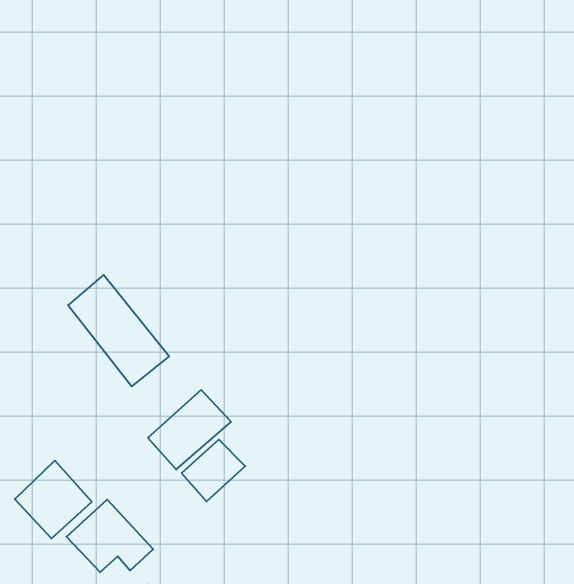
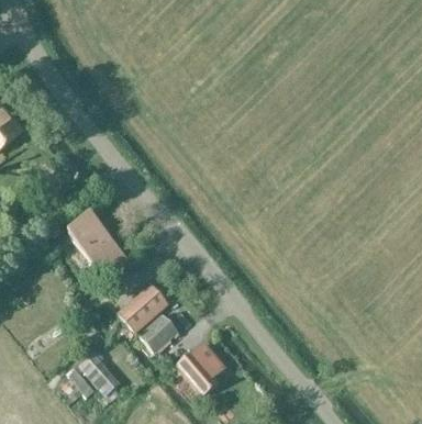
building: [15,461,92,539] -> none
building: none -> [176,347,223,394]

